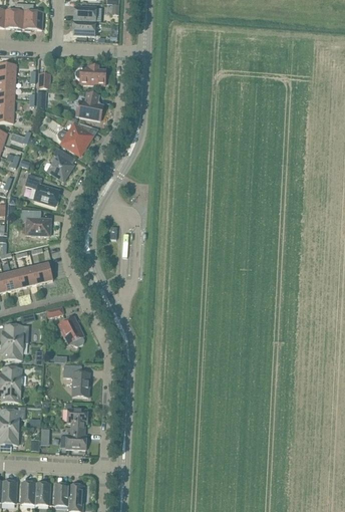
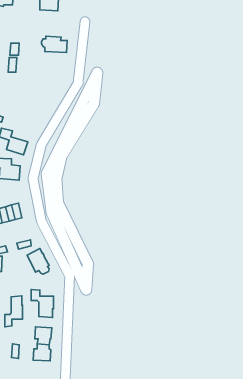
building: [76,91,102,119] -> none
building: [57,121,92,155] -> none
building: [47,147,75,181] -> none
building: none -> [5,296,23,327]

